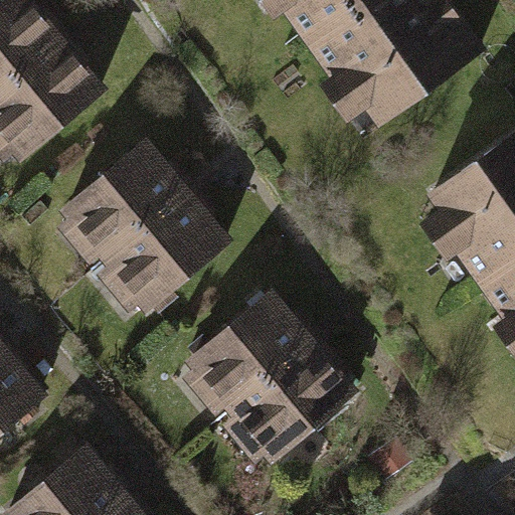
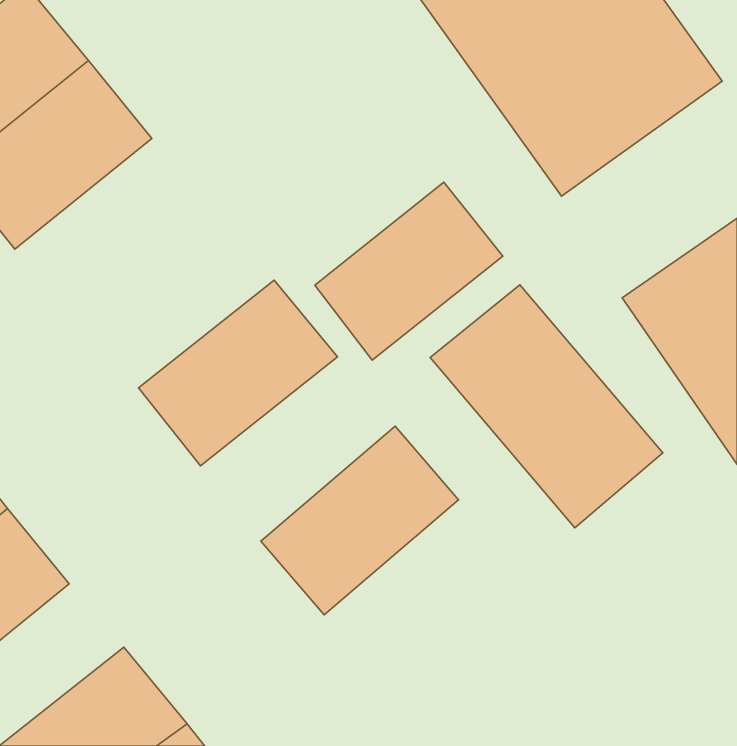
building: none -> [315,182,503,360]
building: [52,138,187,265] -> none
building: none -> [430,285,663,528]
building: [221,341,357,471] -> none

